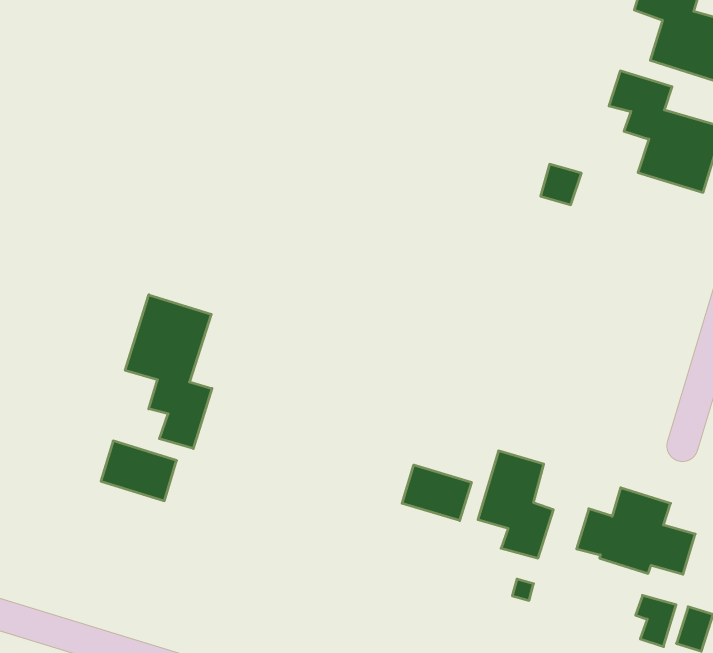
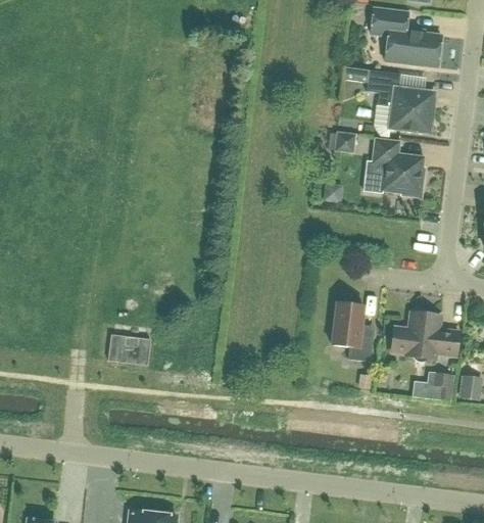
building: none -> [364,138,424,197]
building: [125,295,212,449] -> none
building: [402,465,471,521] -> none

